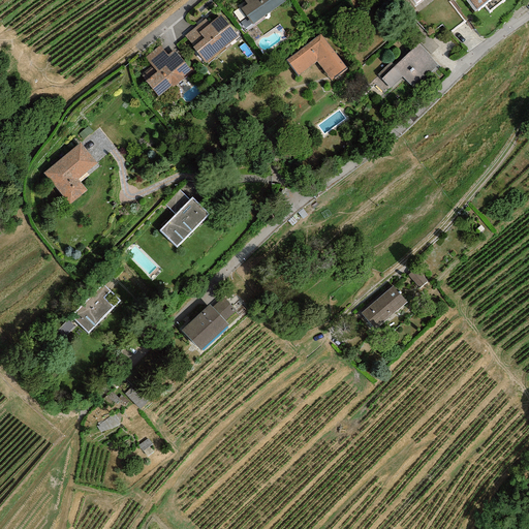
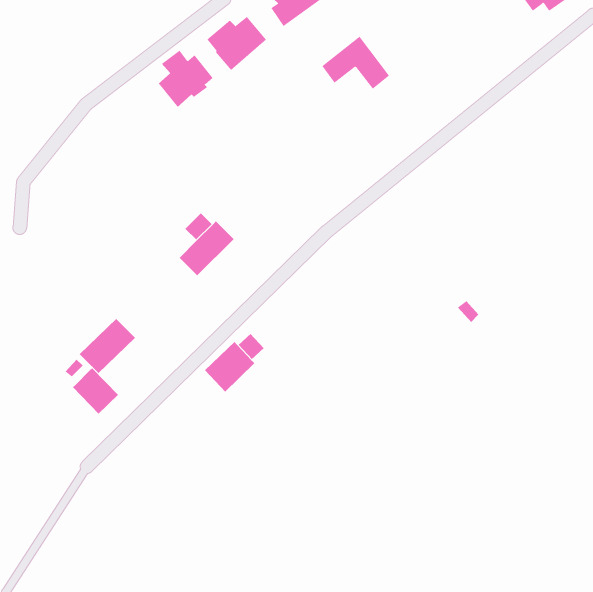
building: [377,42,438,88] -> none
building: [43,142,97,203] -> none
building: [361,285,407,329] -> none
building: none -> [72,367,119,415]

